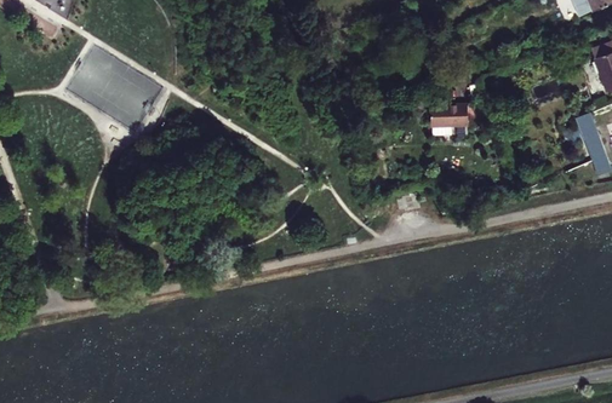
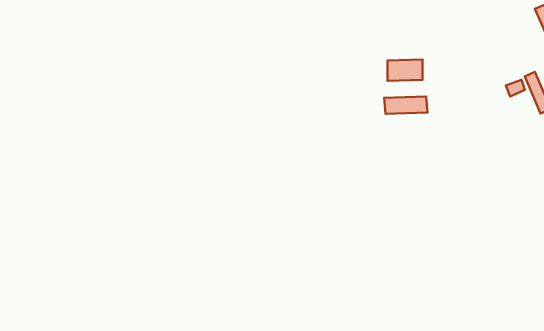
building: none -> [384,97,427,114]

